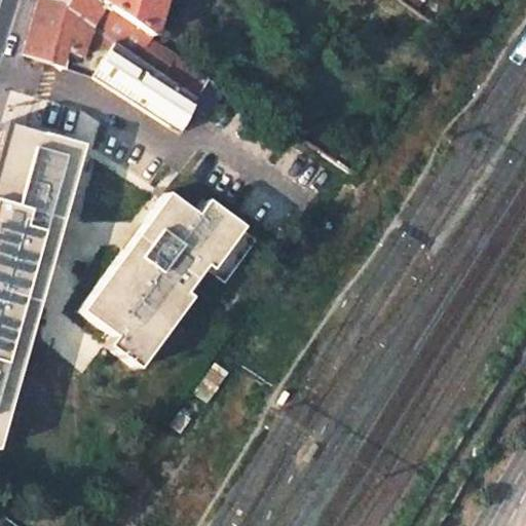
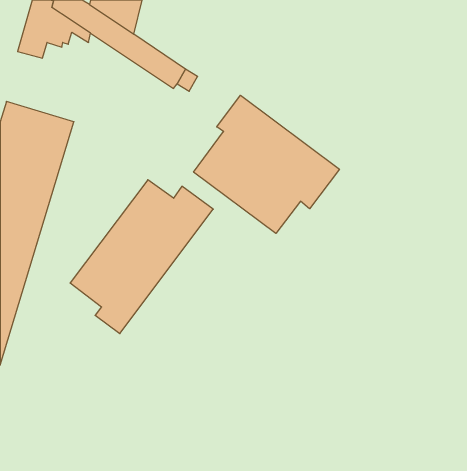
building: [95,37,198,135] -> none
building: none -> [194,95,339,233]

